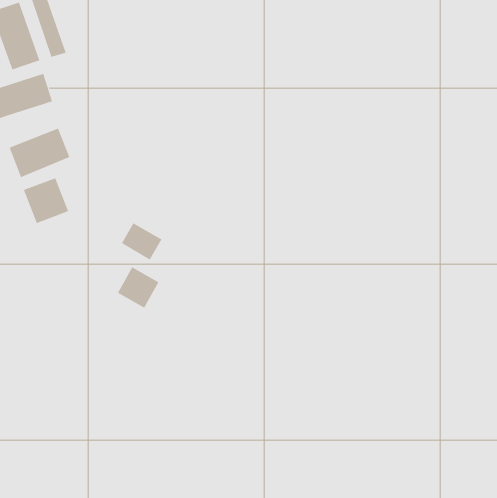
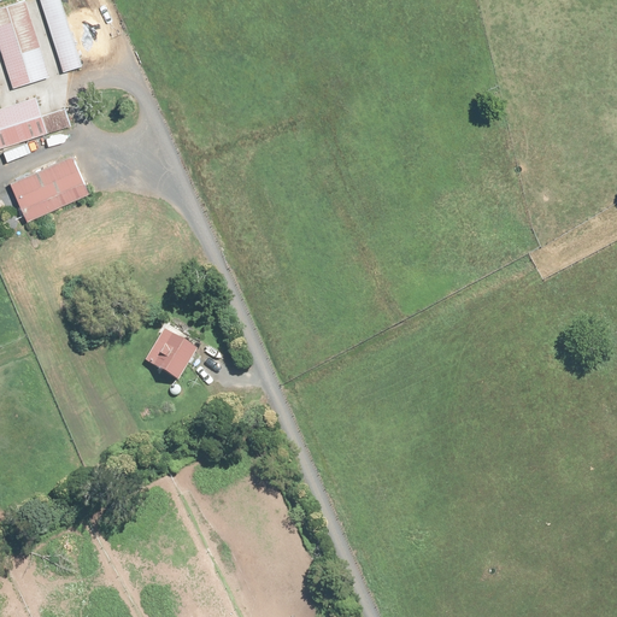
building: [23,177,69,224] -> none
building: [121,222,162,260] -> none

